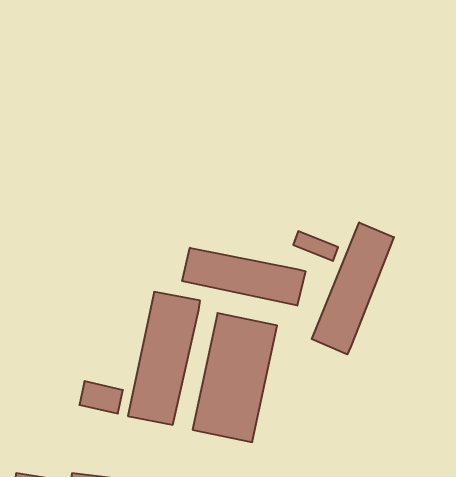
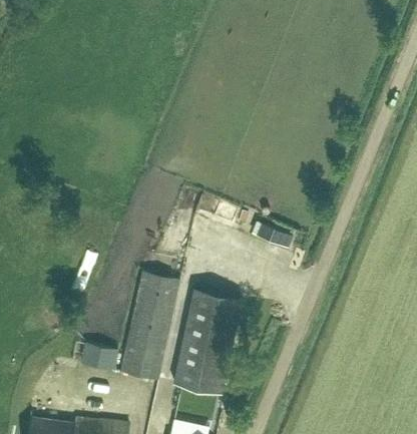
building: [312,222,394,354] -> none
building: [182,248,305,306] -> none

